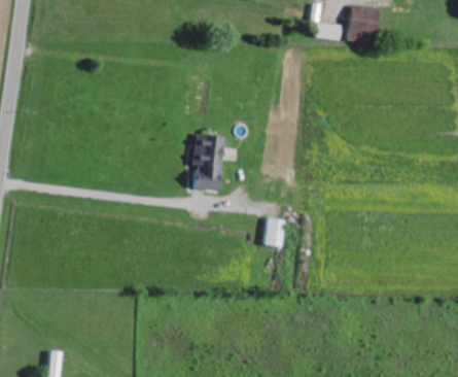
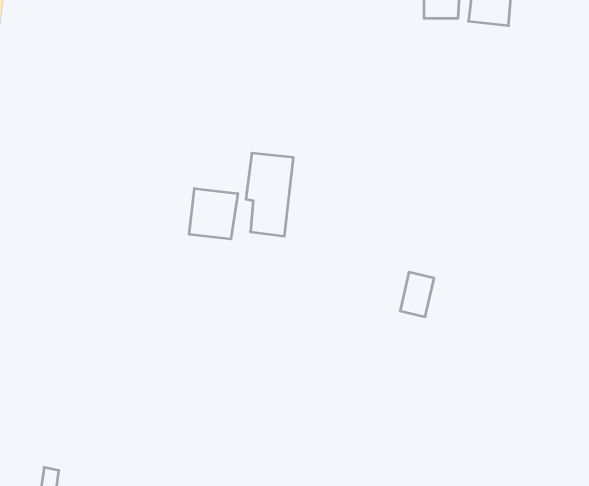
building: none -> [189,188,238,239]
building: [263,217,287,248] -> [400,272,434,317]

